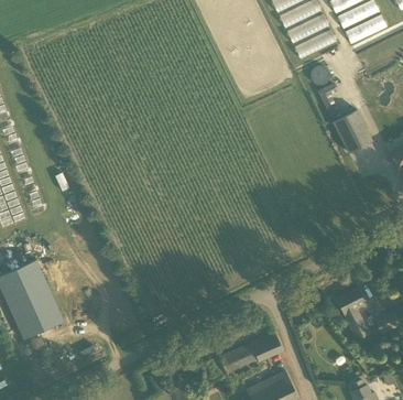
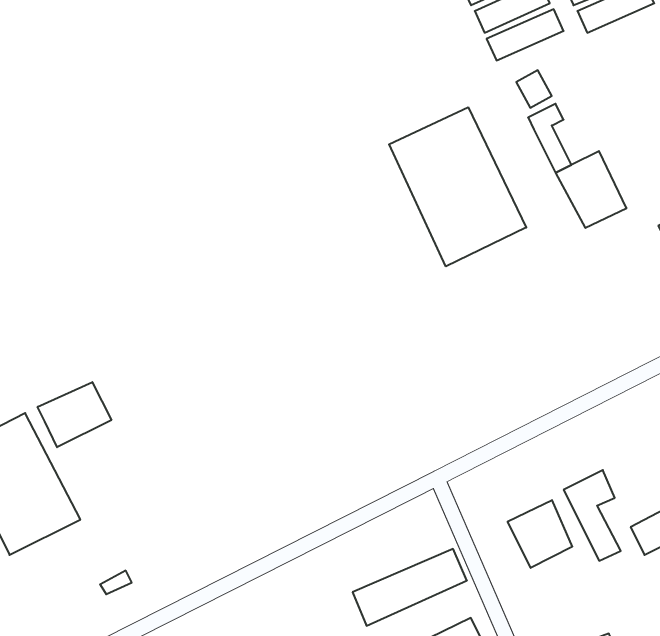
building: none -> [389,107,526,266]
building: none -> [38,382,111,447]
building: none -> [508,500,572,568]

